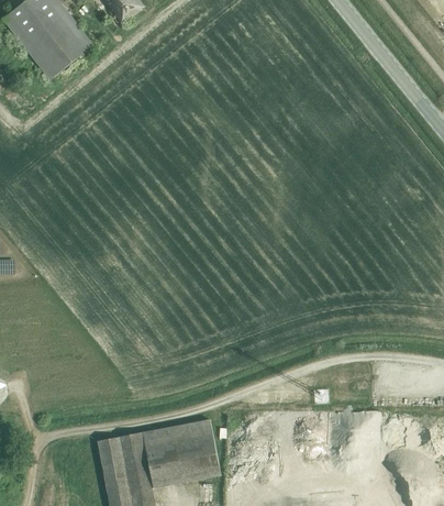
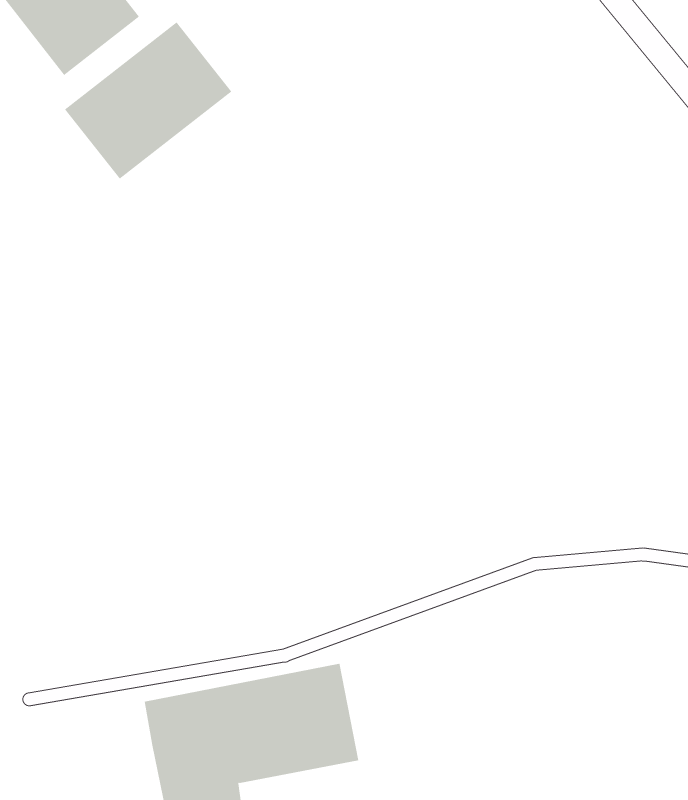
building: none -> [64,21,232,180]

